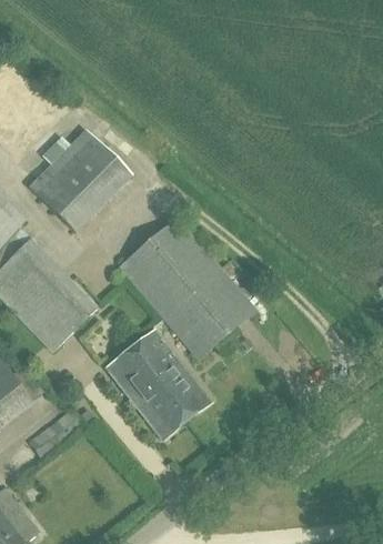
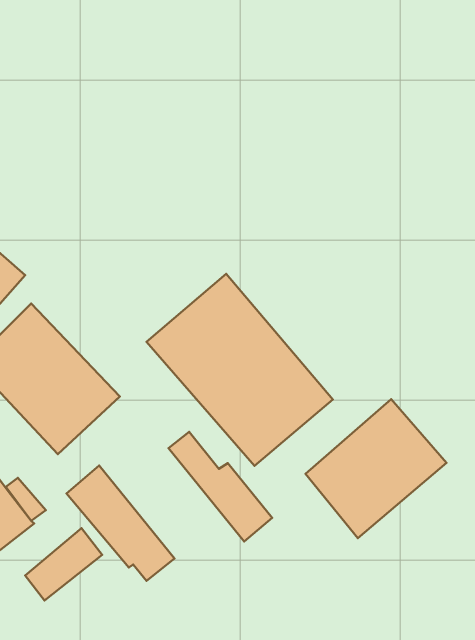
building: [27,127,131,233] -> none
building: none -> [305,399,446,538]
building: [109,346,190,433] -> [67,465,175,581]

